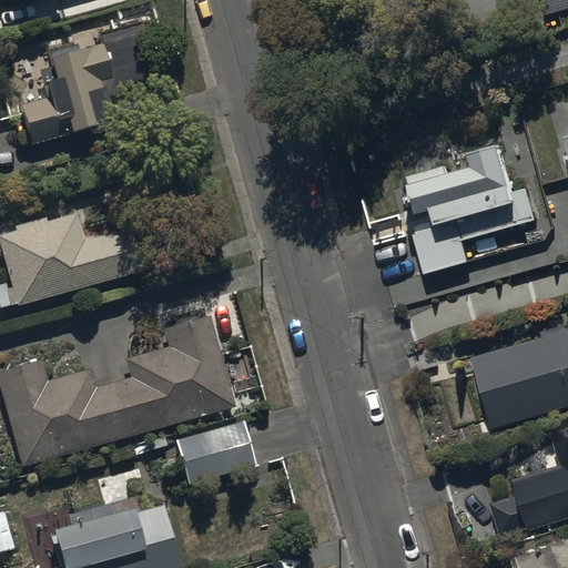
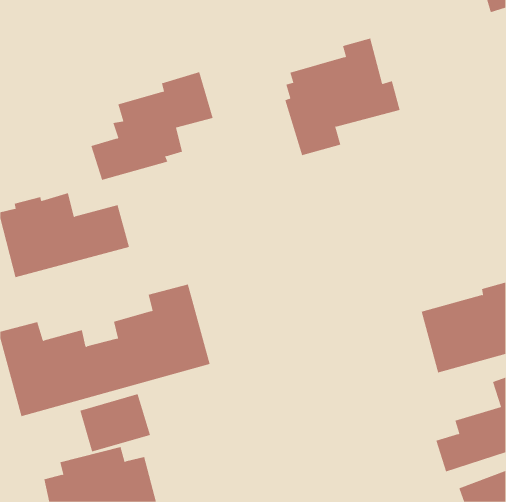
building: [20,23,158,145] -> [91,71,214,181]
building: [405,130,535,262] -> [285,38,401,156]
building: [176,422,256,487] -> [79,394,151,452]

